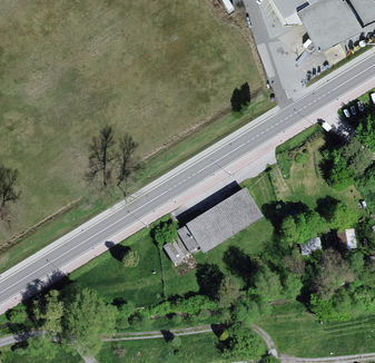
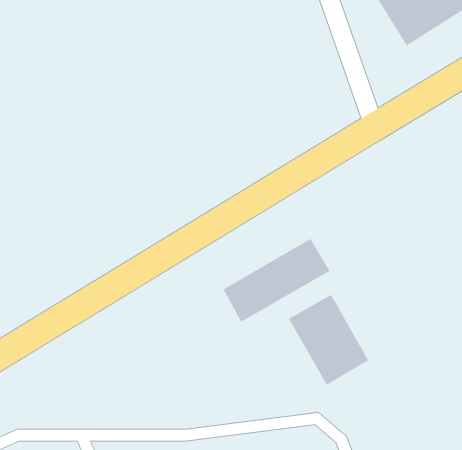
building: none -> [288,294,369,386]

